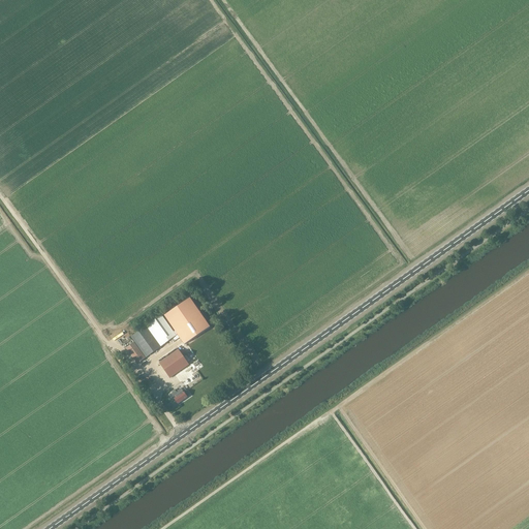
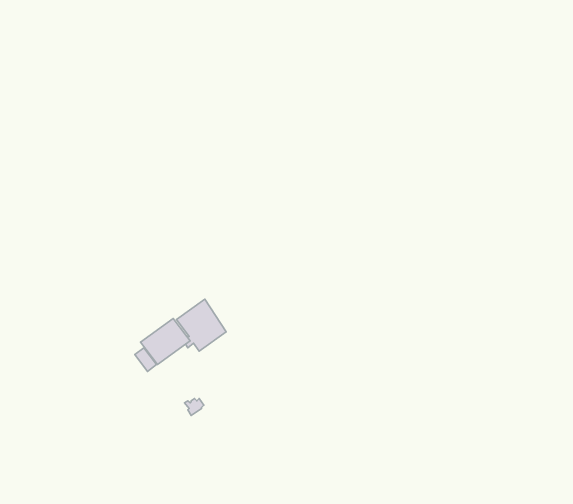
building: [159,348,189,377] -> none

